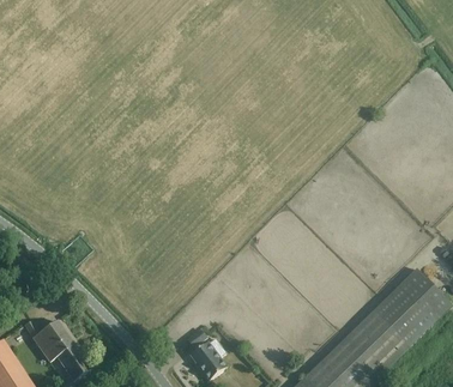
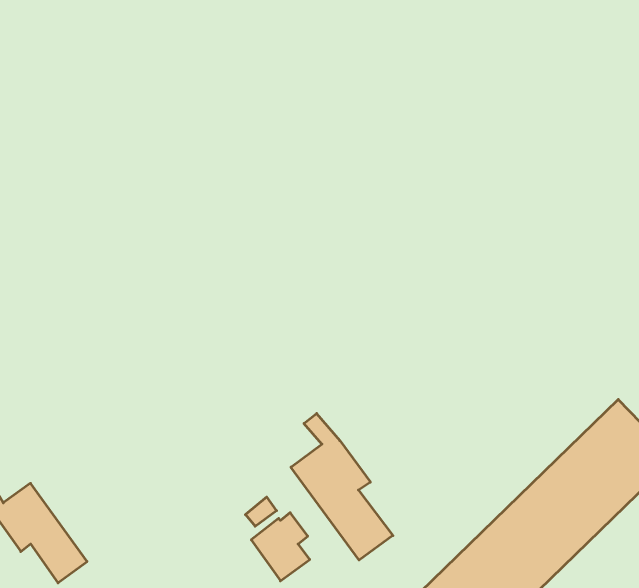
building: none -> [291,413,393,560]

